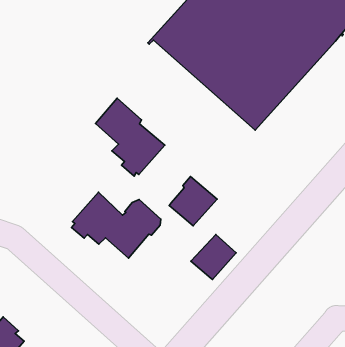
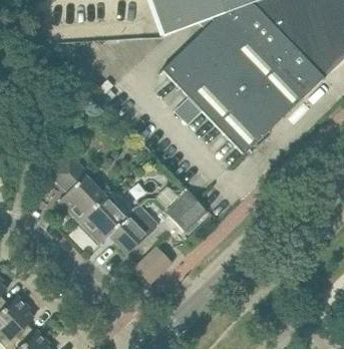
building: [96,98,165,176] -> [49,153,106,221]
building: [191,235,236,280] -> [133,246,173,284]

